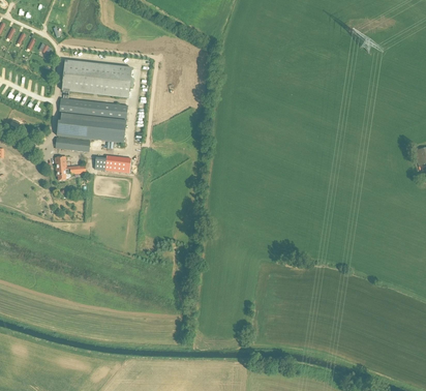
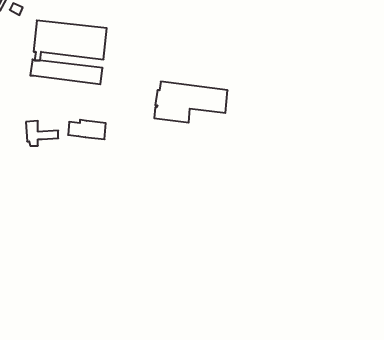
building: [56,112,126,151] -> [154,82,228,123]

